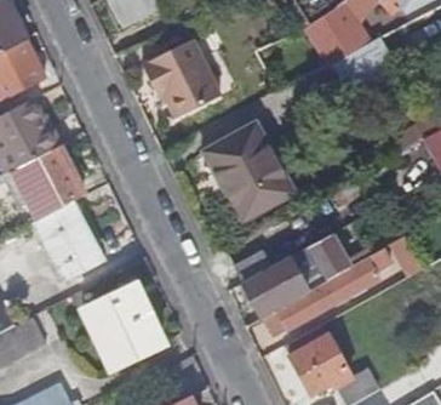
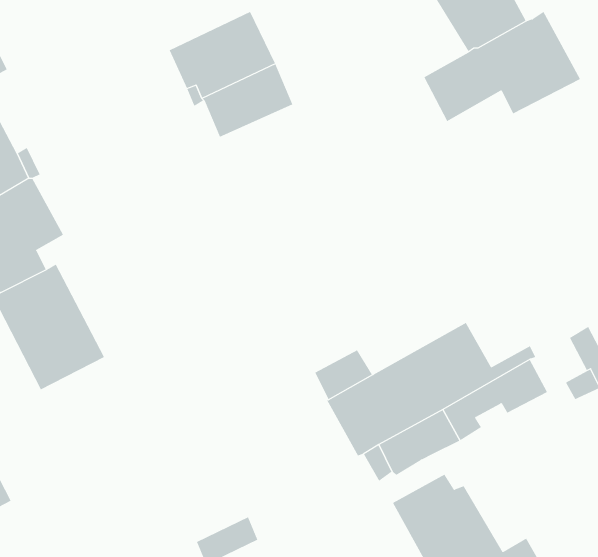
building: [202,124,292,227] -> none
building: [84,283,164,373] -> none

